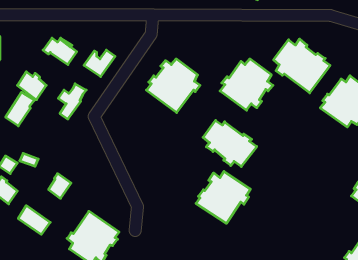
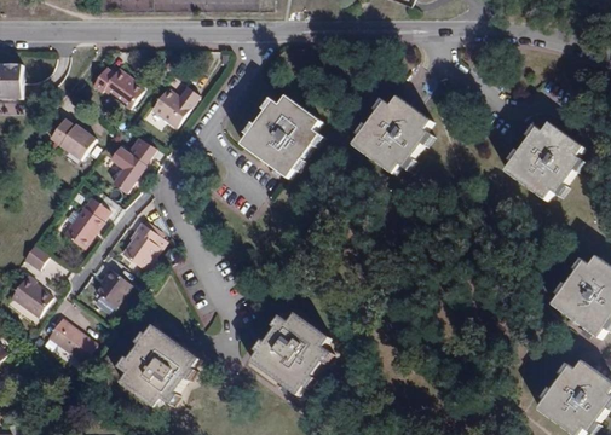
building: [274,39,330,93] -> none
building: [6,92,34,126] -> [63,195,106,245]
building: [203,120,257,167] -> none
building: none -> [121,222,157,267]
building: [196,171,250,223] -> [253,312,335,390]

